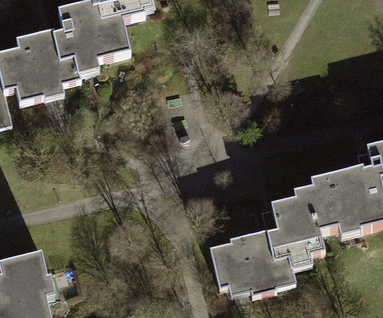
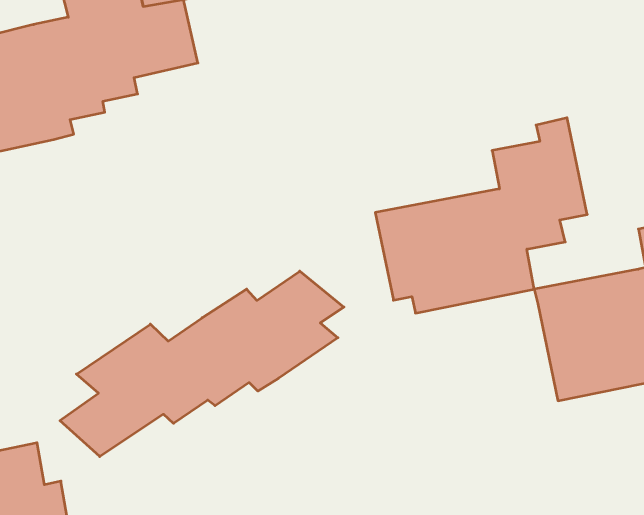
building: none -> [60,271,344,457]
building: [210,184,326,291] -> [375,118,587,313]

